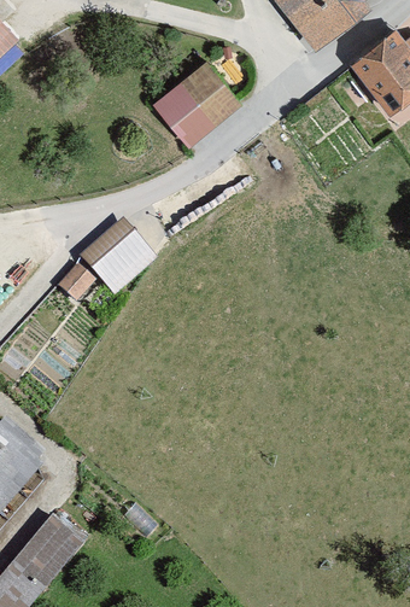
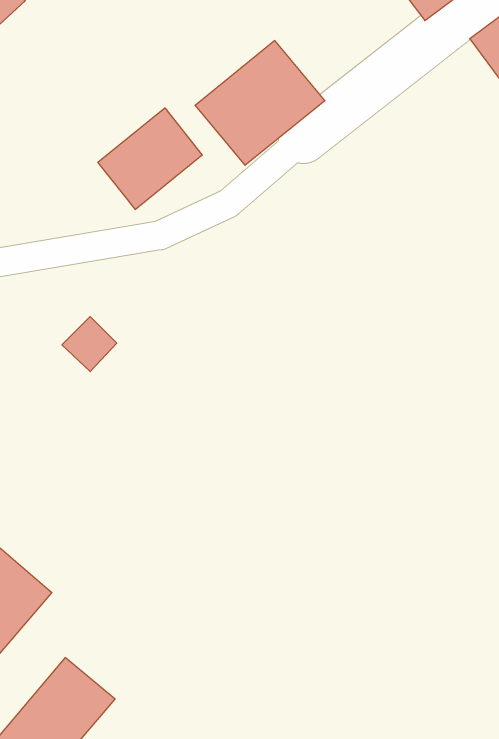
building: none -> [98,108,202,210]
building: [82,221,157,294] -> none

